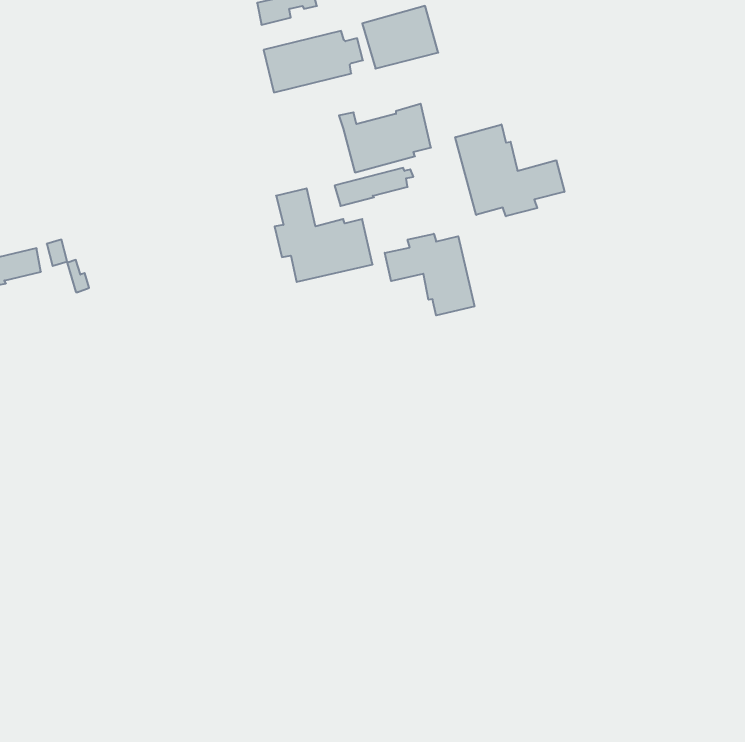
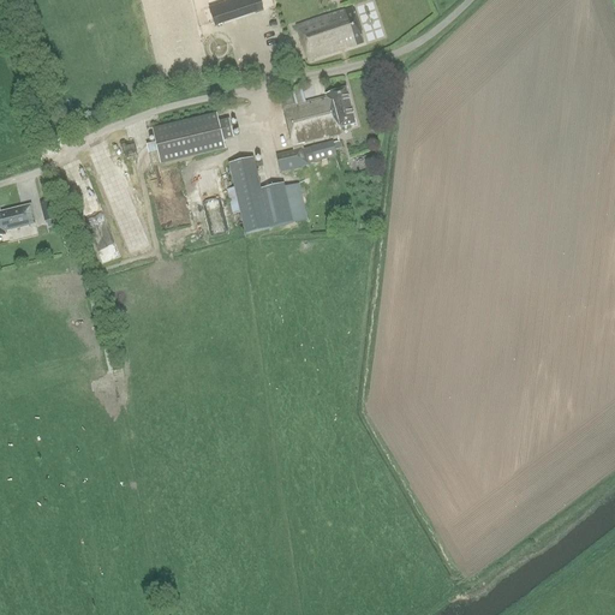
building: [264,31,363,92] -> [151,113,233,163]
building: [455,124,564,216] -> none
building: [385,234,474,315] -> none

